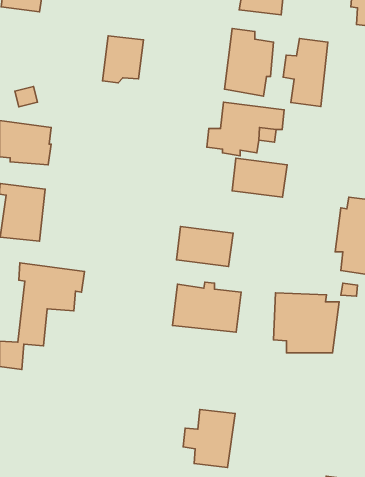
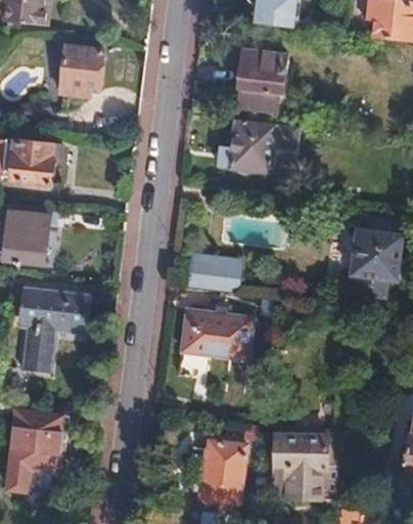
building: [102,36,144,83] -> [59,47,102,96]
building: [283,38,328,107] -> none
building: [232,158,287,197] -> none
building: [274,293,339,353] -> [273,434,341,496]
building: none -> [8,413,67,495]

